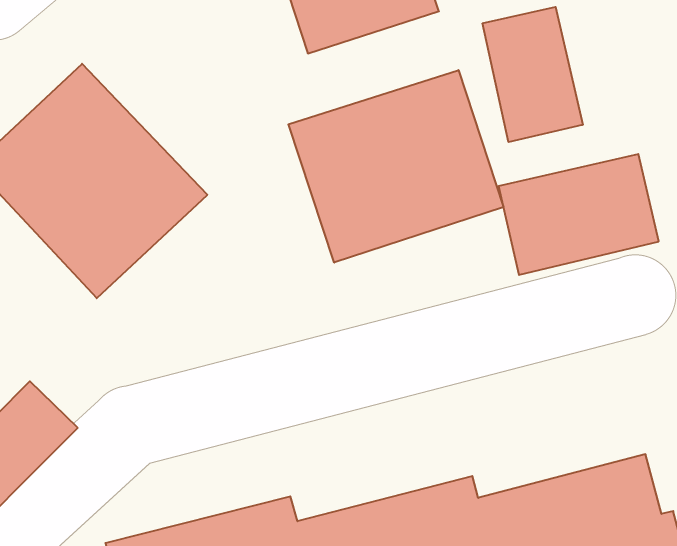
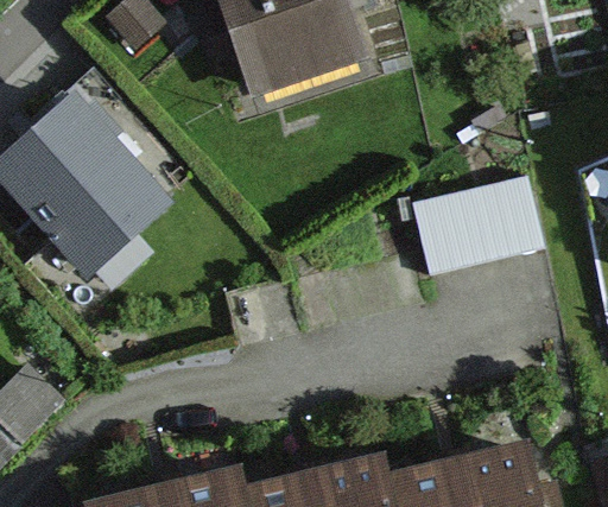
building: [483,7,583,142] -> none
building: [288,70,503,263] -> none

